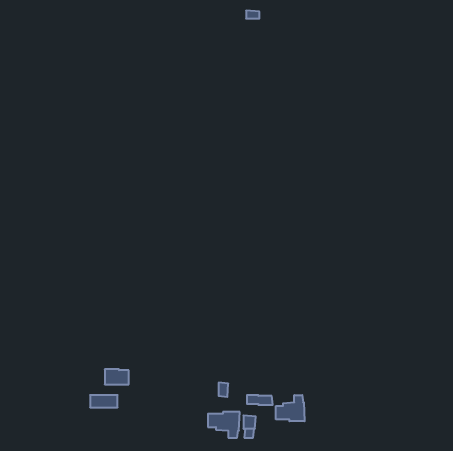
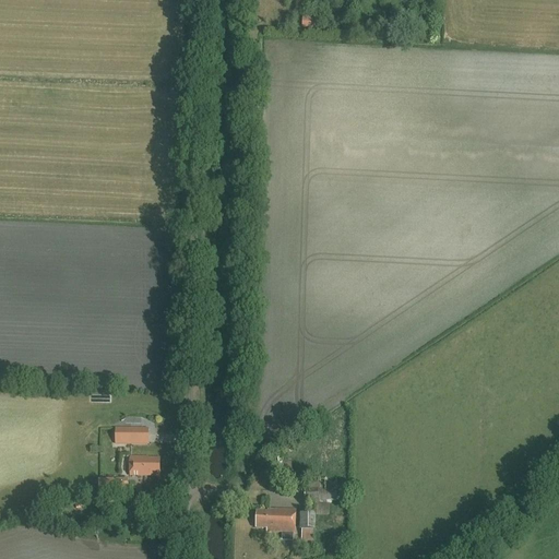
building: [90,395,118,407] -> [114,426,147,441]
building: [276,395,305,421] -> none

